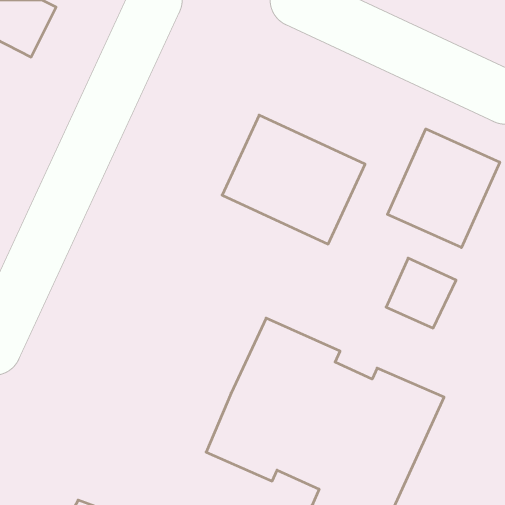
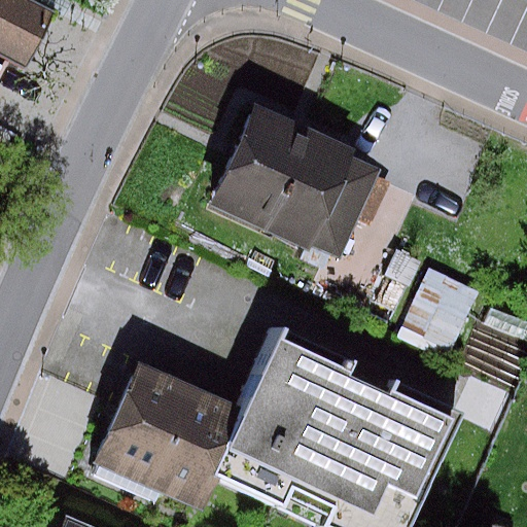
building: [387,129,500,248] -> none
building: none -> [94,366,238,506]

